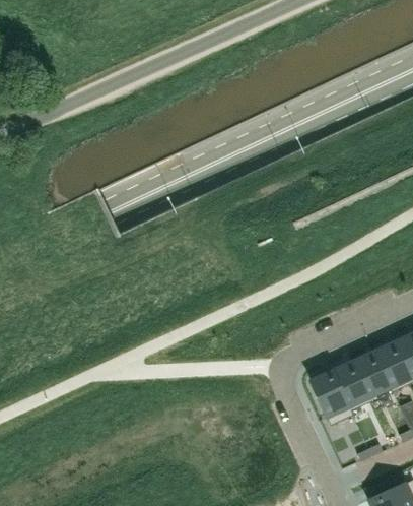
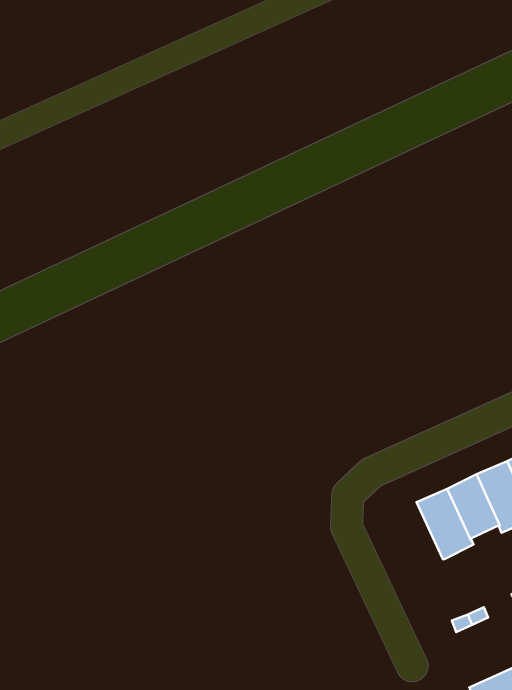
building: [308,371,352,426] -> none

